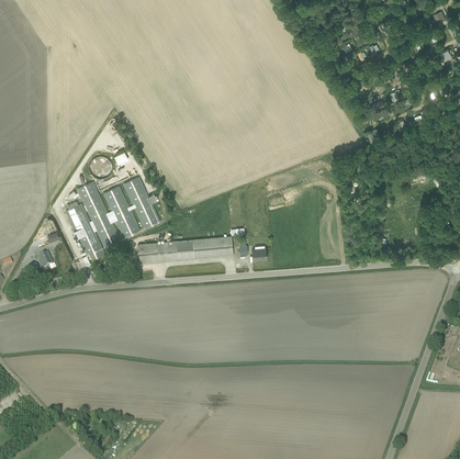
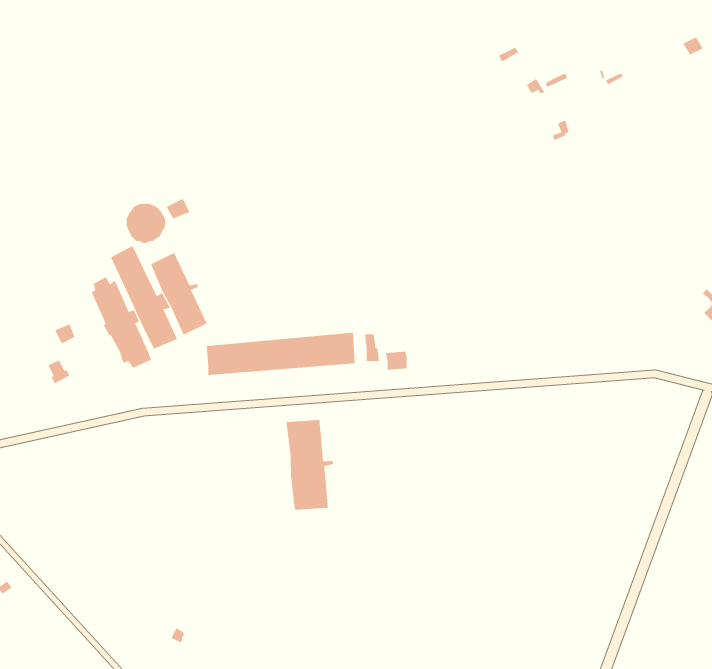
building: [123,177,159,228] -> none
building: none -> [286,419,333,511]

